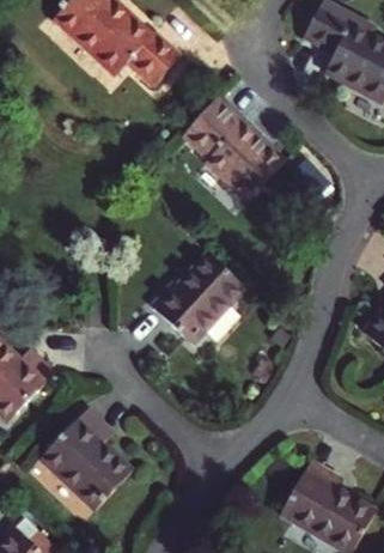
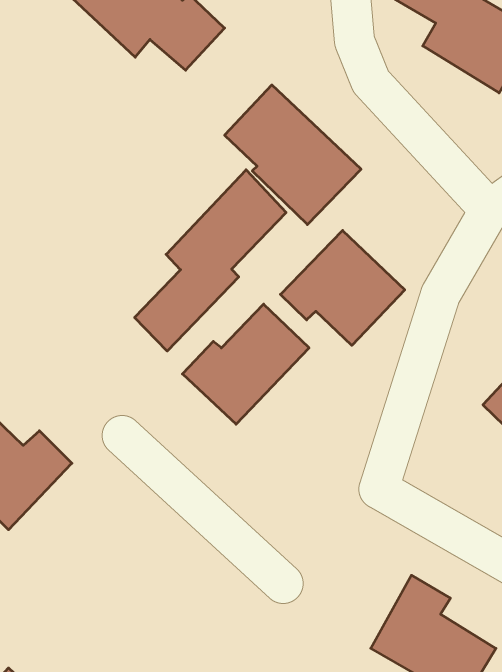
building: none -> [135,170,286,351]
building: none -> [280,230,405,345]
building: [51,408,140,508] -> none

